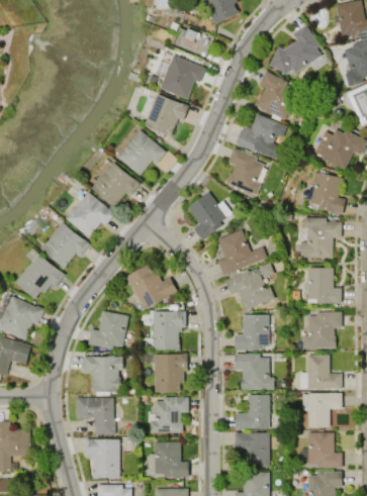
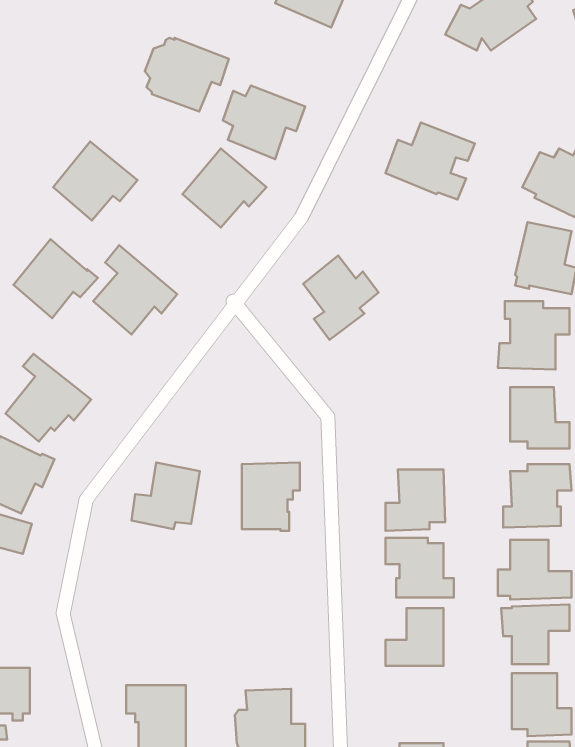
building: [156,56,204,98] -> [145,38,229,112]
building: [254,72,297,122] -> none
building: [225,147,263,196] -> none
building: [91,162,140,207] -> [53,142,137,220]
building: [41,222,90,268] -> [14,239,98,318]
building: [216,230,266,276] -> none
building: [225,263,274,311] -> none
building: [125,264,177,310] -> none
building: [154,354,186,393] -> none
building: [83,357,122,392] -> none
building: [148,397,187,432] -> none
building: [76,398,114,434] -> none
building: [235,433,269,467] -> none

